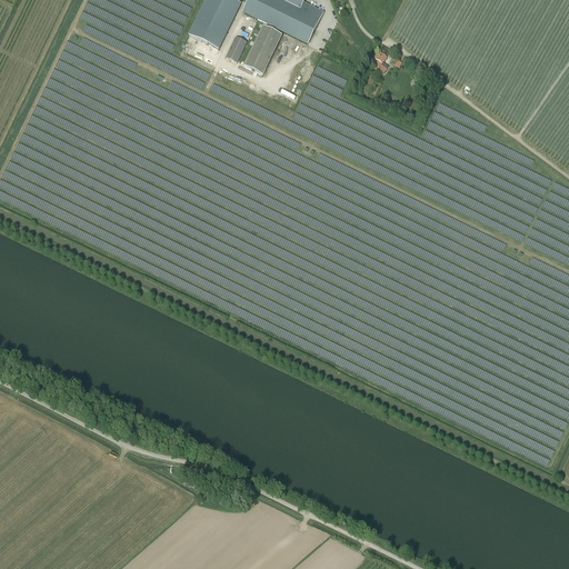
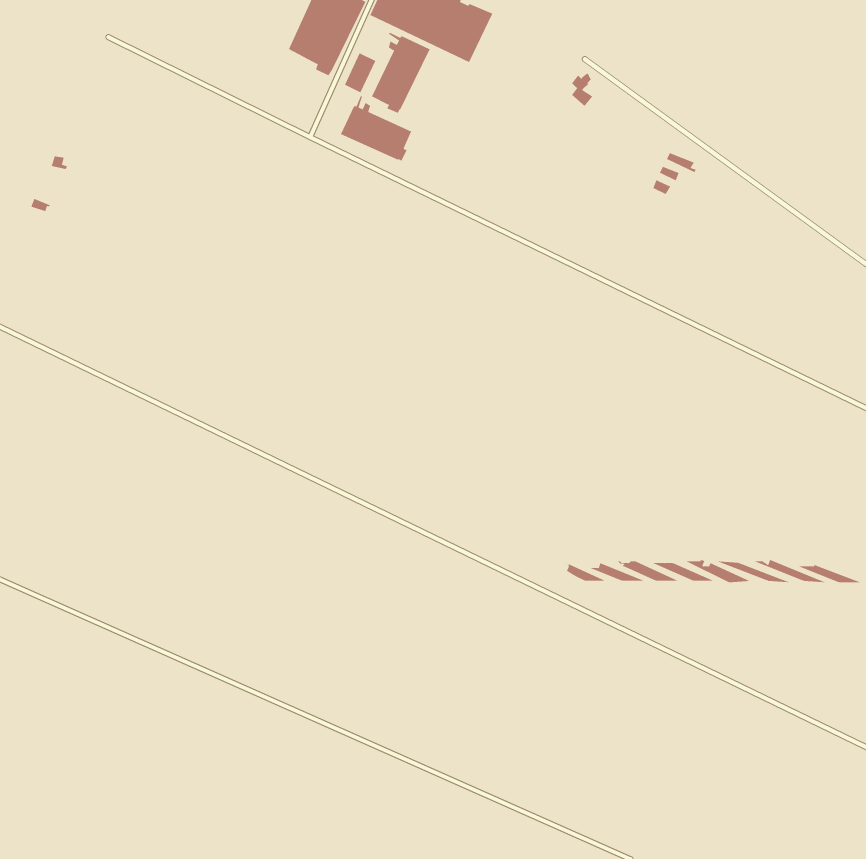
building: none -> [340,95,412,161]

